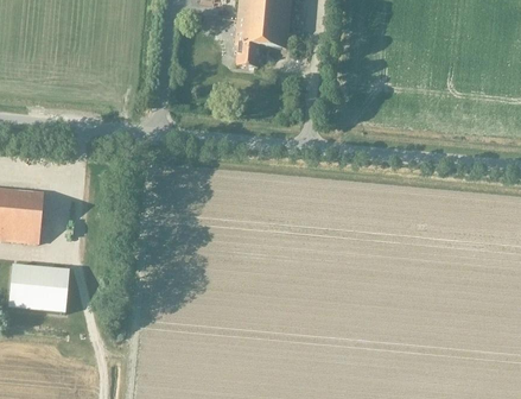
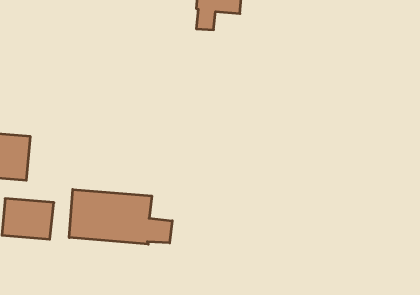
building: none -> [69,189,172,244]

